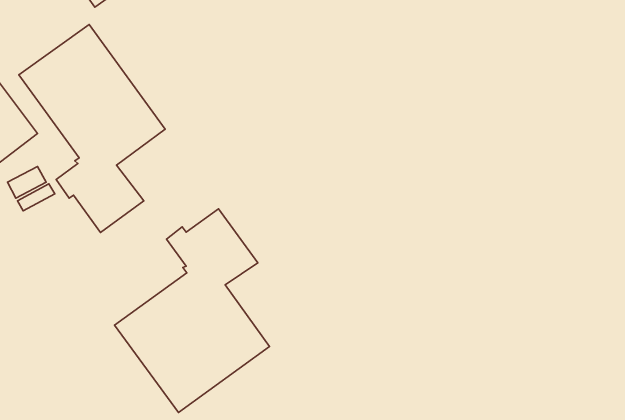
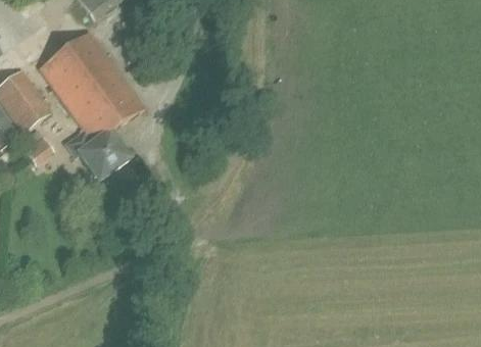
building: [115,209,270,412] -> none

